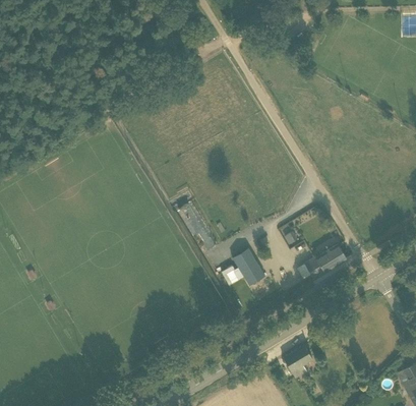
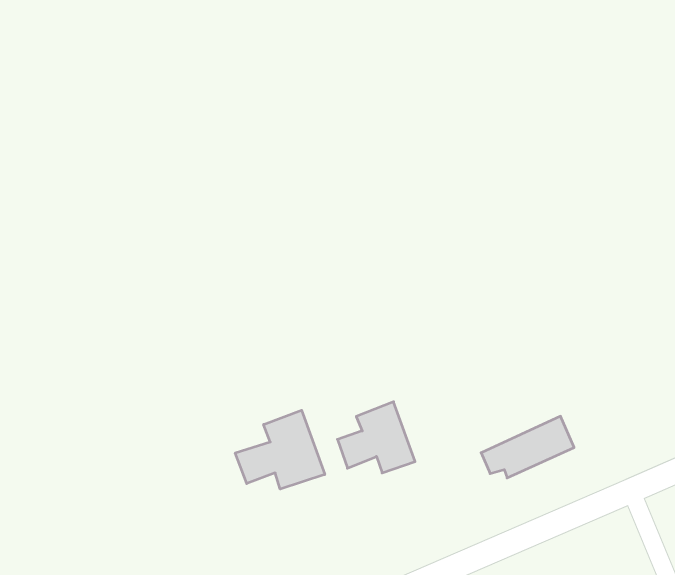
building: none -> [235,410,325,489]

